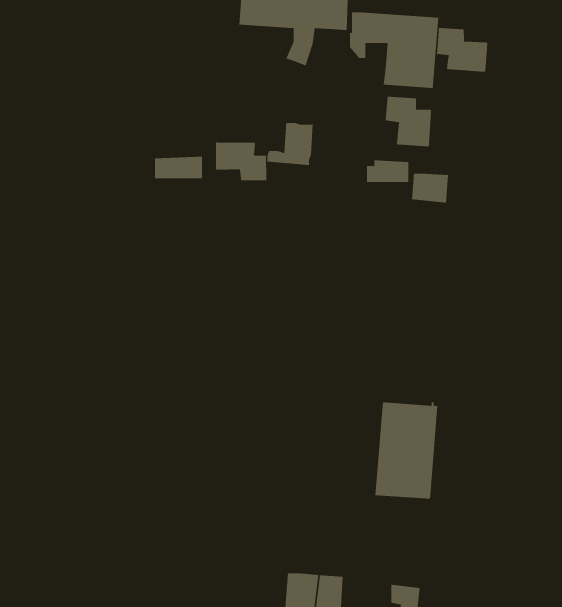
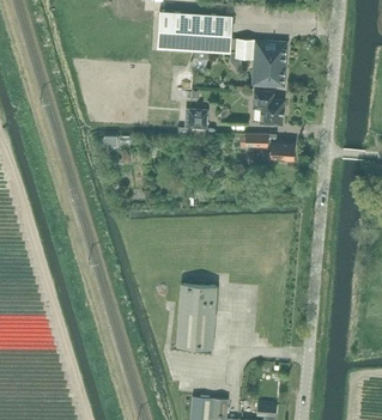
building: [437,27,488,73] -> none
building: [215,142,267,181] -> none
building: [375,402,438,499] -> [176,286,217,348]

